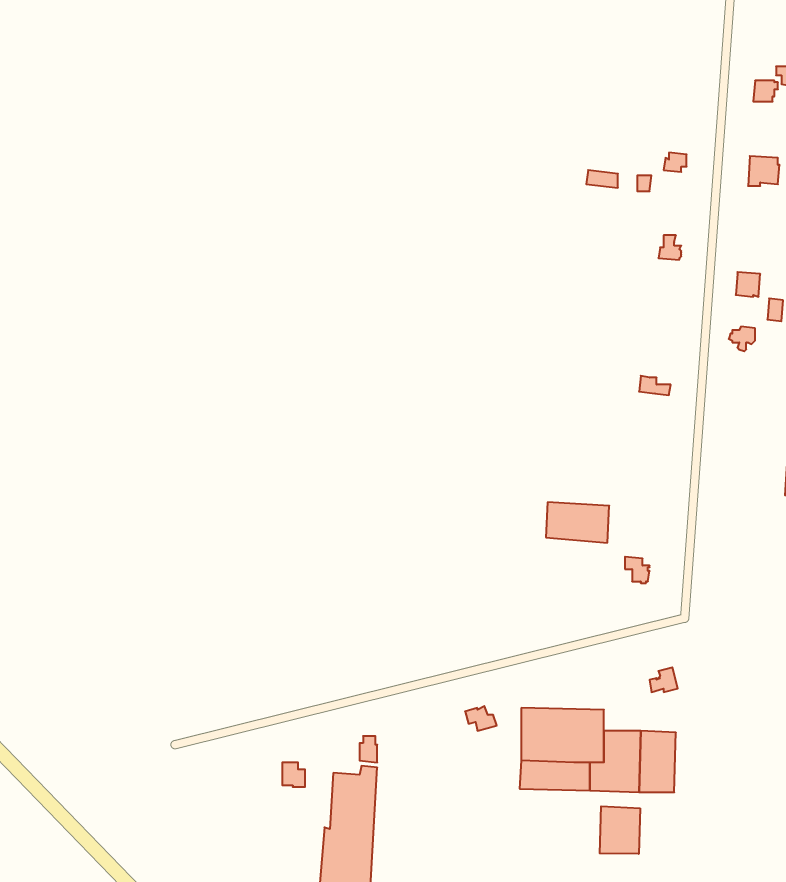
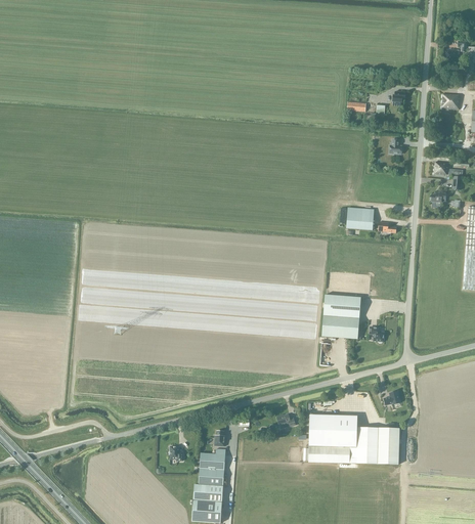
building: none -> [347,207,375,229]
building: none -> [322,314,360,338]
building: [600,806,640,854] -> none

